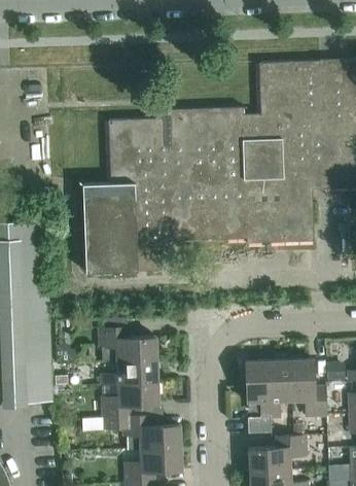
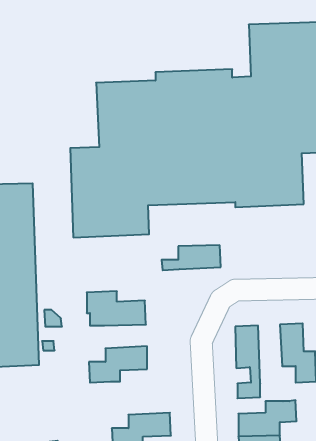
building: [100,360,158,385] -> [162,245,221,270]
building: [269,360,292,419] -> none
building: [82,416,181,450] -> none

